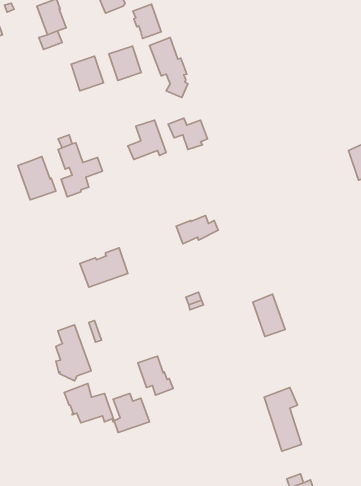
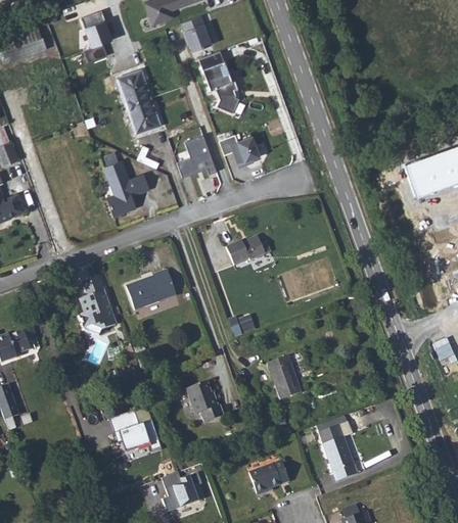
building: [109,46,141,80] -> [126,97,159,133]
building: [18,157,56,200] -> none
building: [253,294,285,336] -> [267,354,301,398]
building: [56,325,91,381] -> [79,276,116,334]
building: [113,393,150,433] -> [161,470,198,511]
building: none -> [248,460,288,492]

